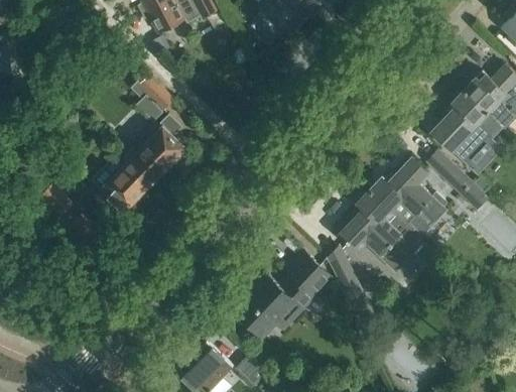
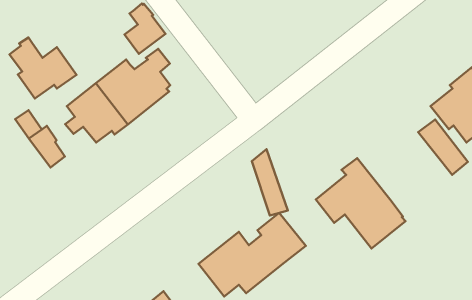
building: none -> [10,38,77,98]
building: [370,156,447,239] -> none
building: [327,246,367,307] -> [252,149,288,215]

